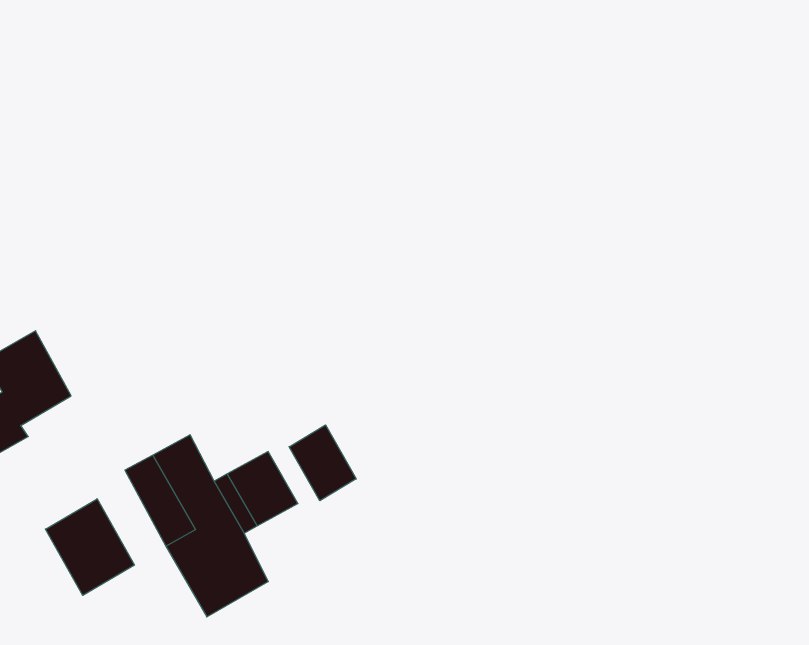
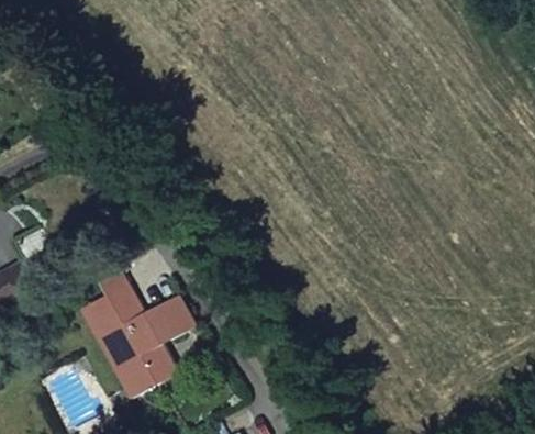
building: [289,425,356,501] -> none
building: [45,499,134,595] -> none

